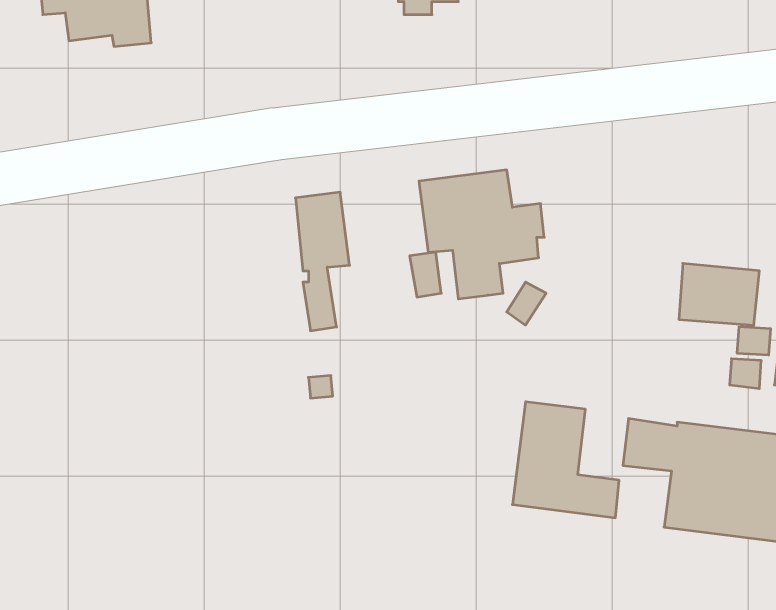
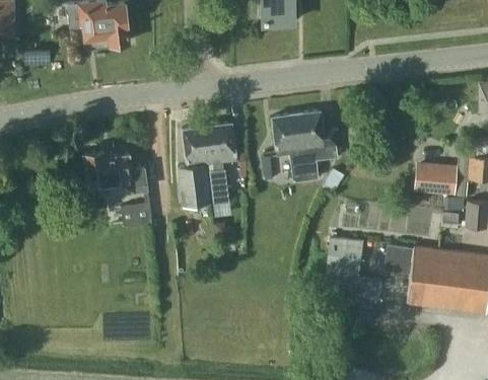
building: none -> [179,126,211,208]
building: none -> [75,151,148,196]
building: none -> [122,202,153,226]

